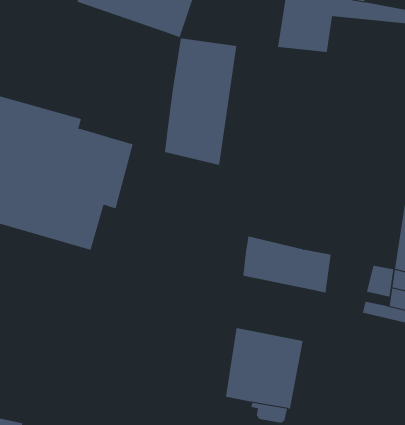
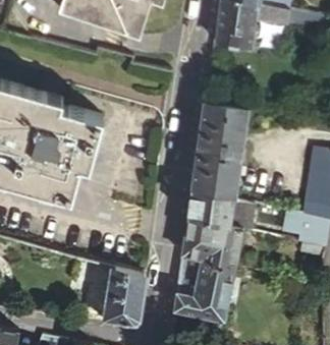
building: [164,38,237,165] -> [190,101,246,198]
building: none -> [181,219,241,269]
building: none -> [85,264,144,326]

